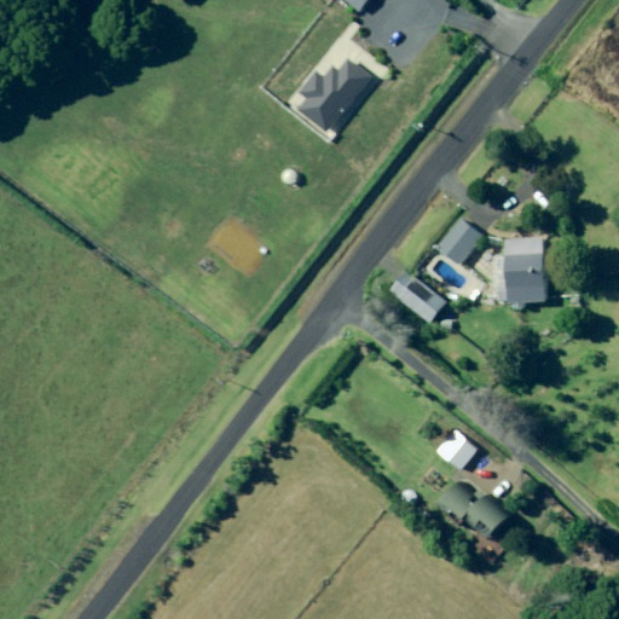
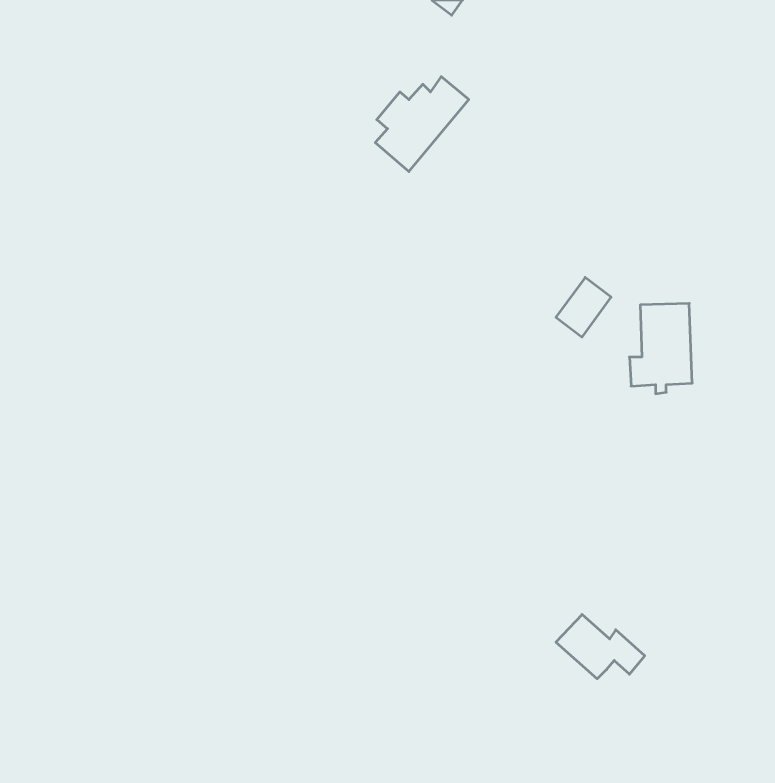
building: [391,270,452,325] -> none
building: [438,432,476,470] -> none

